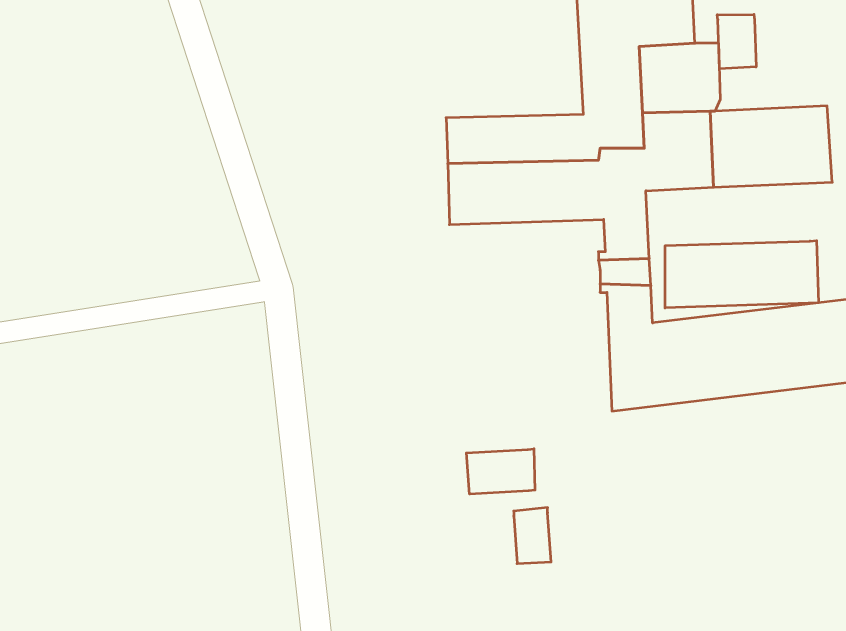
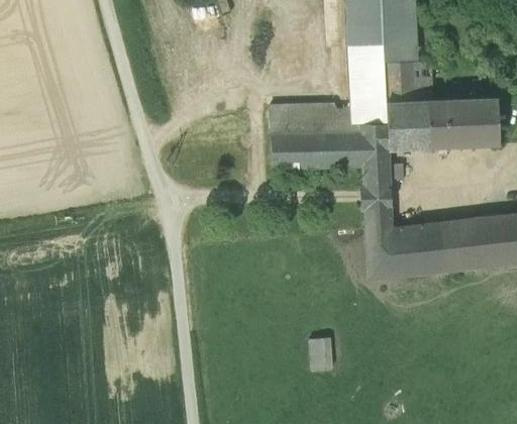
building: [717,14,756,69] -> none
building: [665,241,819,308] -> none
building: [466,449,535,494] -> none

